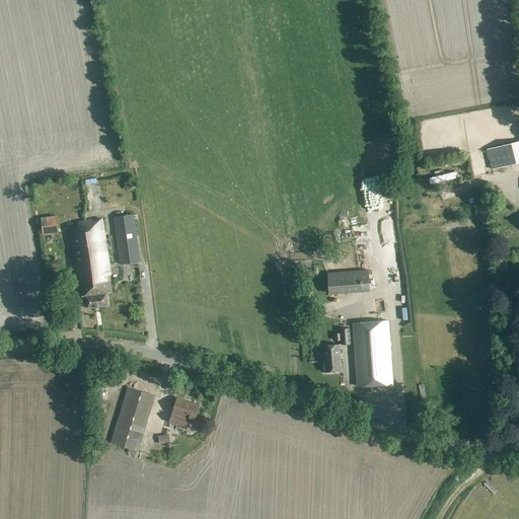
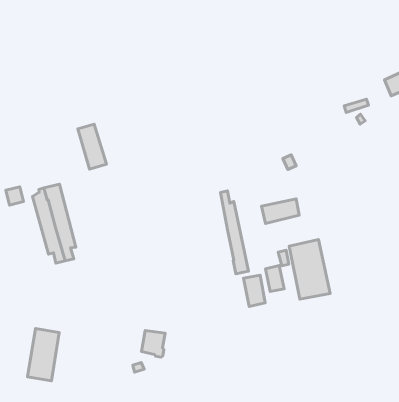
building: [114,213,141,264] -> [78,124,107,169]
building: none -> [220,191,248,274]
building: none -> [243,275,265,306]
building: [112,388,154,450] -> [28,329,59,381]

